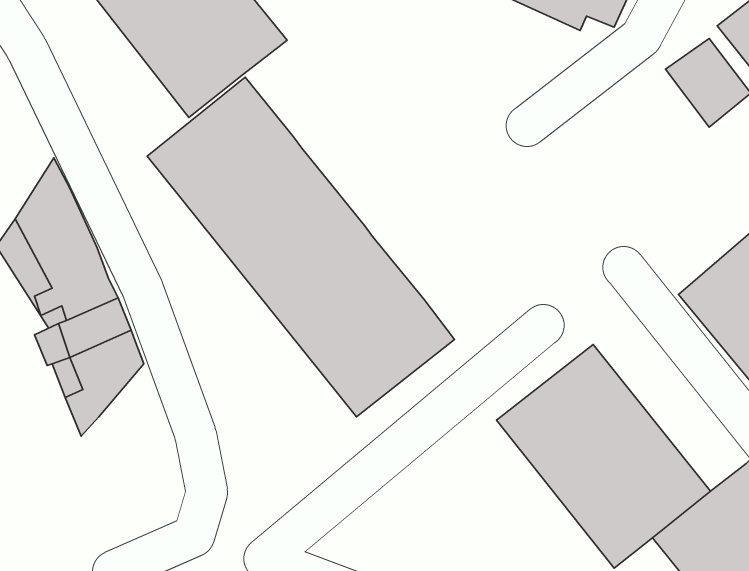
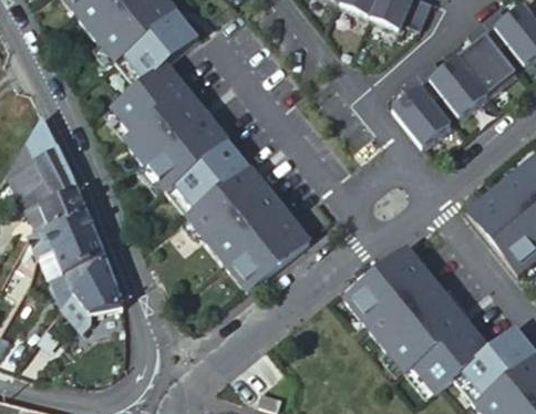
building: none -> [427,54,489,117]
building: none -> [391,83,453,148]
building: none -> [62,257,120,327]

